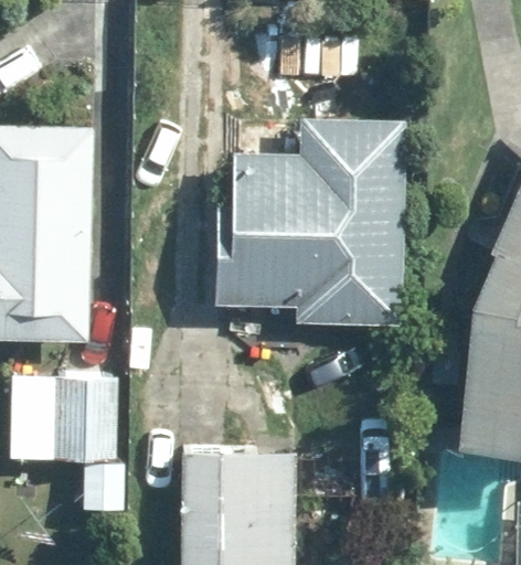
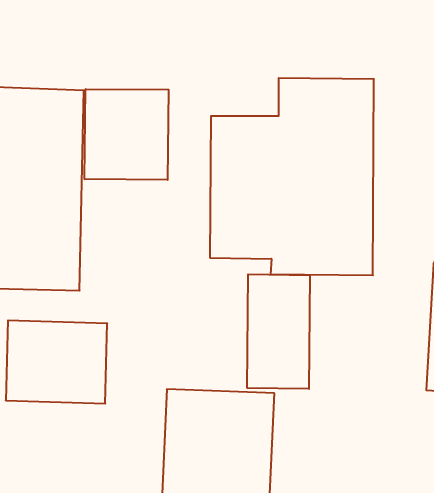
building: none -> [85,89,169,180]
building: none -> [247,274,310,389]

